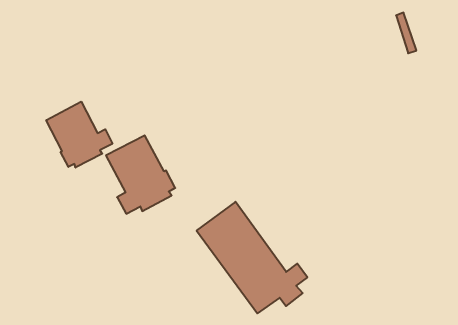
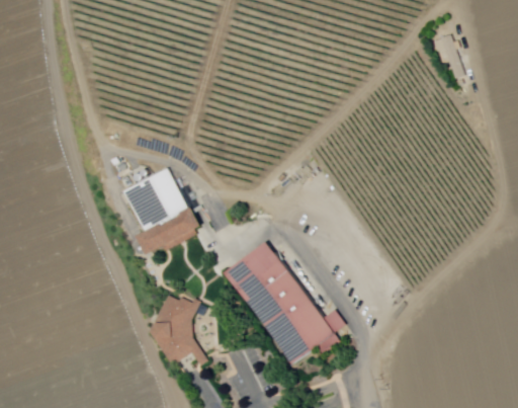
building: [46,102,112,168] -> none
building: none -> [150,295,208,365]

